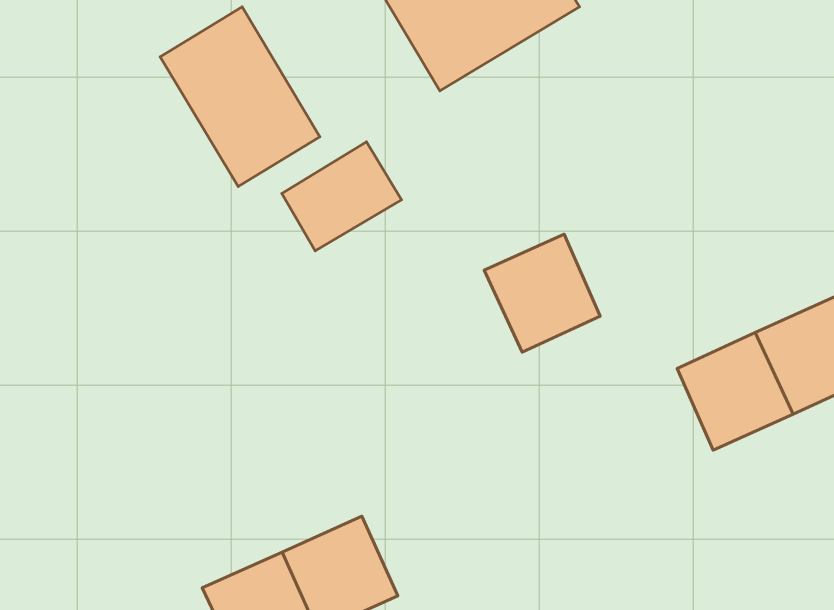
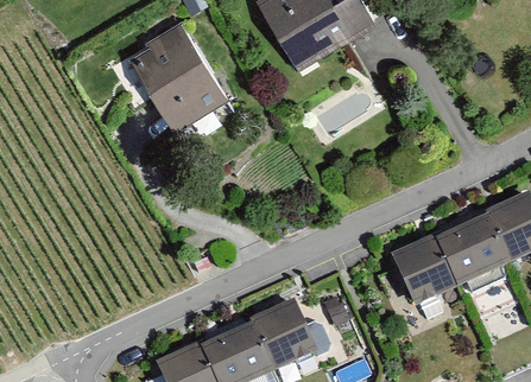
building: [282,142,401,251] -> none
building: [484,234,600,352] -> [390,236,459,306]
building: none -> [249,303,318,371]

